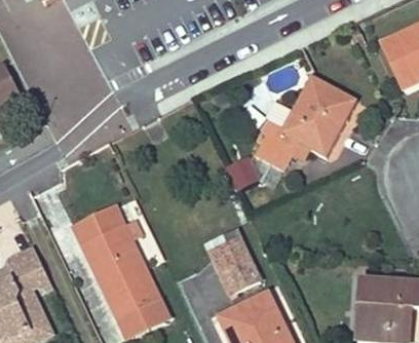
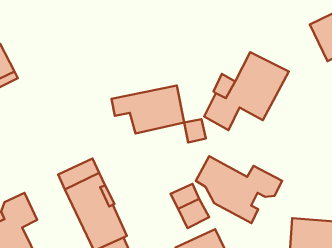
building: none -> [111,85,184,133]
building: none -> [196,156,282,223]

